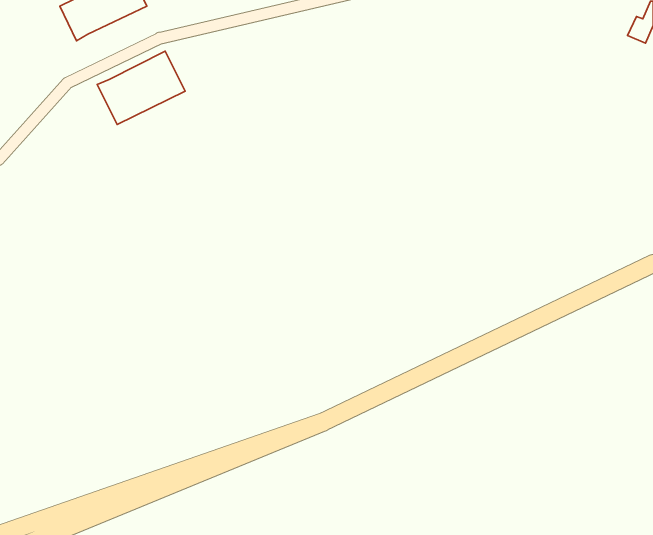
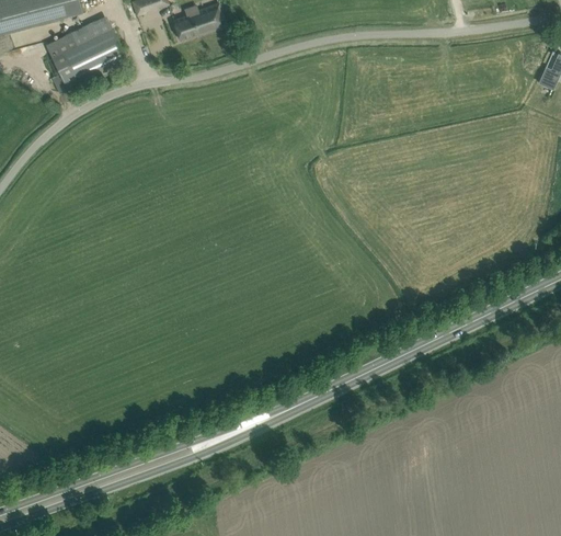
building: [97,51,185,124] -> none

